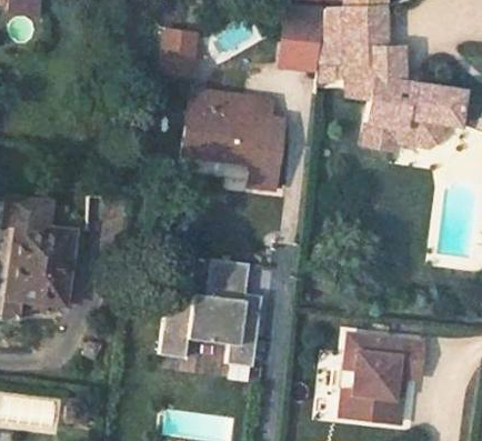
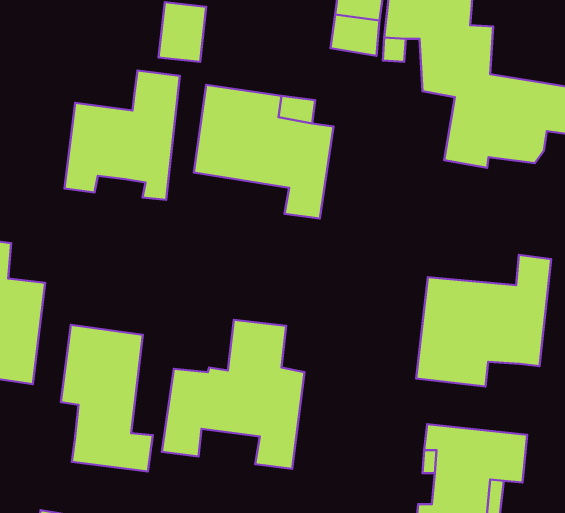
building: none -> [64,70,180,200]
building: none -> [416,255,551,387]
building: none -> [61,325,153,472]

